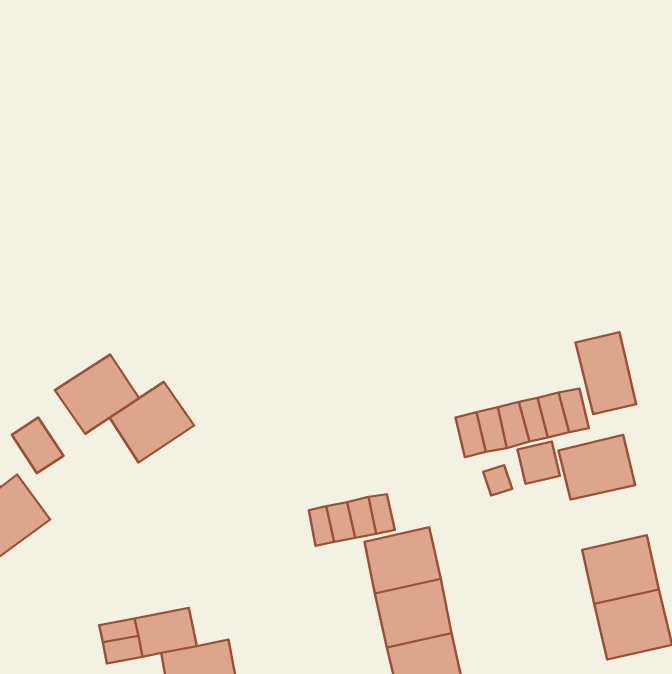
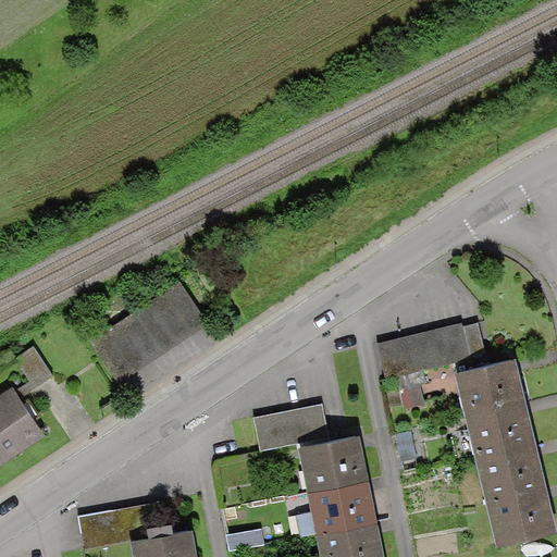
building: [576,332,636,414] -> none
building: [55,355,139,434] -> [135,286,205,351]
building: none -> [470,400,533,454]

